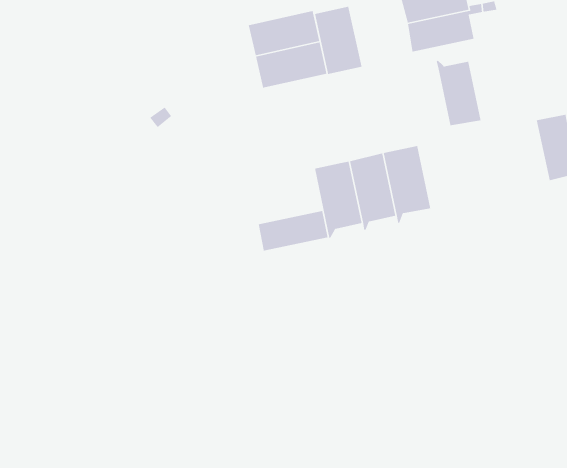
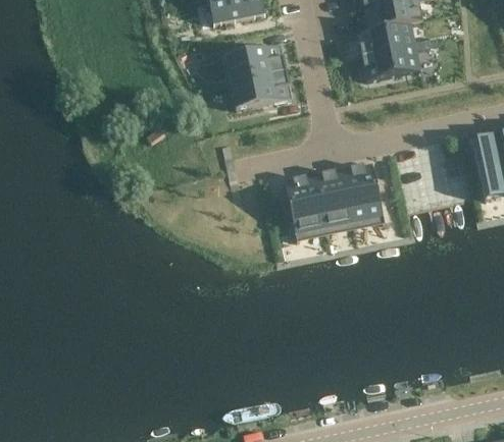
building: [314,6,363,75] -> none
building: [436,60,481,126] -> none
building: [258,210,328,252] -> none

